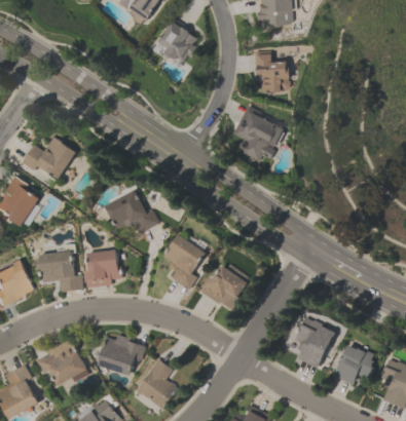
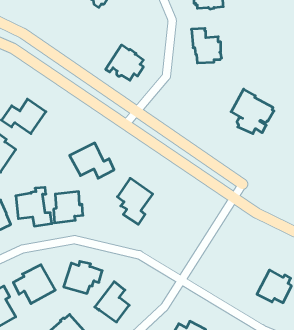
building: [153,21,199,64] -> [106,45,143,80]
building: [232,106,285,160] -> [231,89,274,134]
building: [200,265,248,309] -> none
building: [298,320,335,368] -> none

